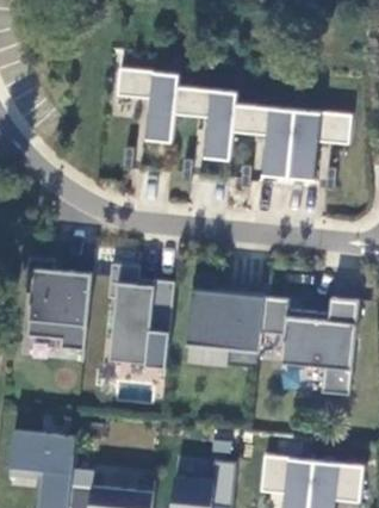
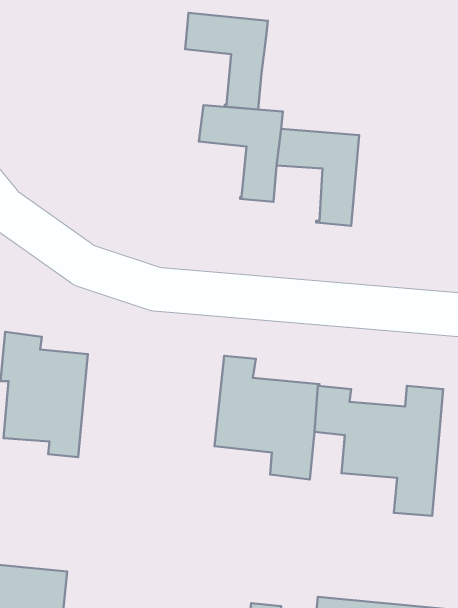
building: [117,69,179,142] -> [185,13,268,110]
building: [288,110,352,180] -> none
building: [108,265,174,370] -> none

